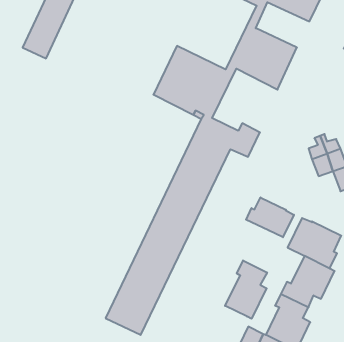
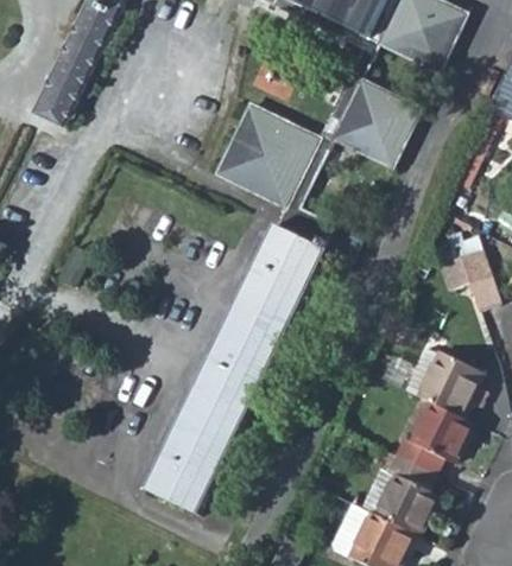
building: [246,197,294,237] -> none
building: [225,260,267,319] -> none

